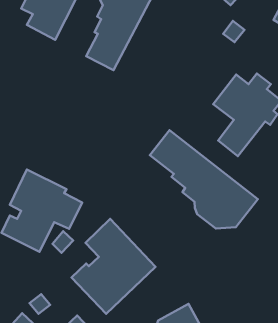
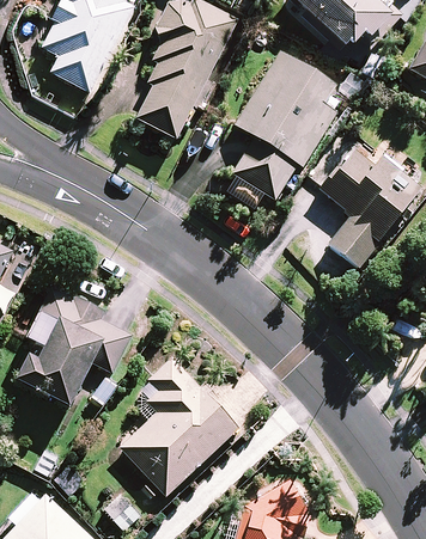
building: none -> [230,53,334,209]
building: [150,130,258,229] -> none

